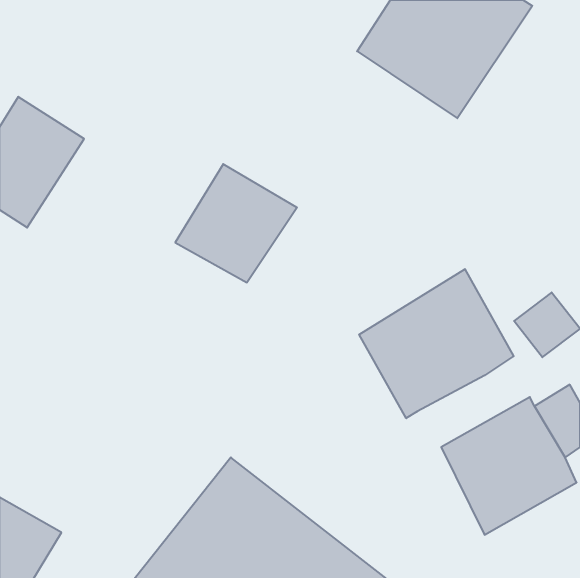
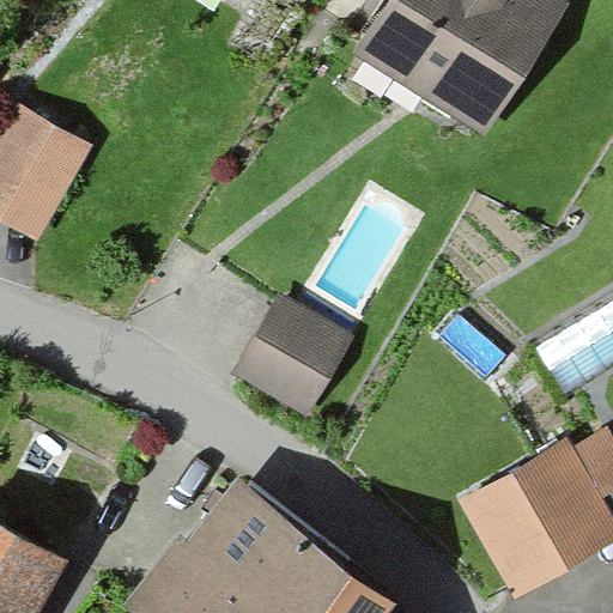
building: [175,164,297,282] -> [232,292,360,417]
building: [359,269,514,418] -> none

